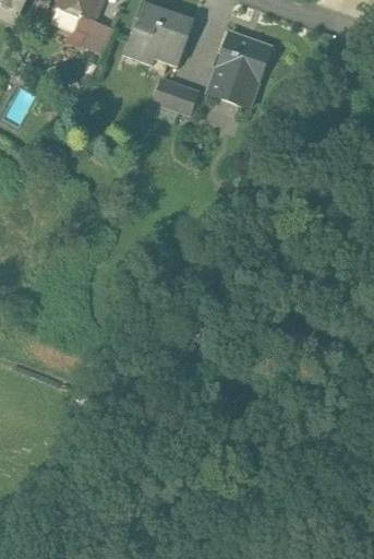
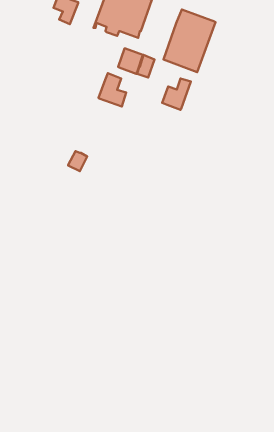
building: none -> [98,73,126,106]
building: none -> [162,78,191,110]

